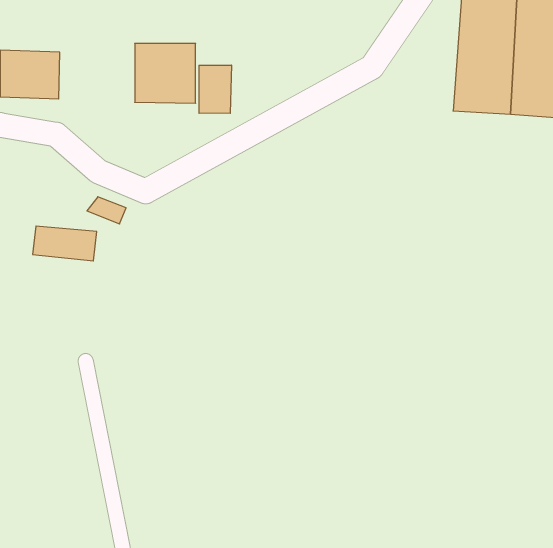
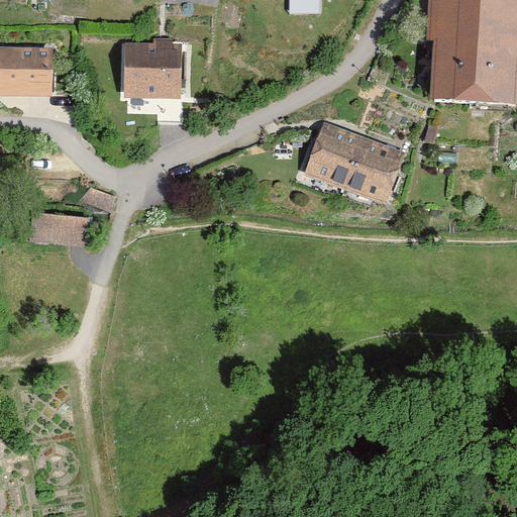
building: [199,65,231,113] -> none
building: none -> [295,123,390,201]

